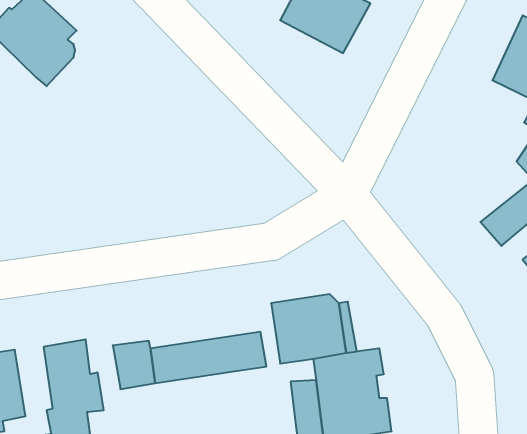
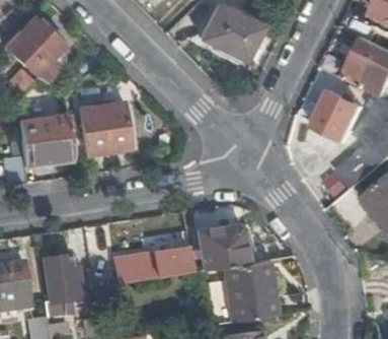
building: none -> [313,92,360,141]
building: none -> [79,100,129,153]
building: none -> [17,115,72,165]

